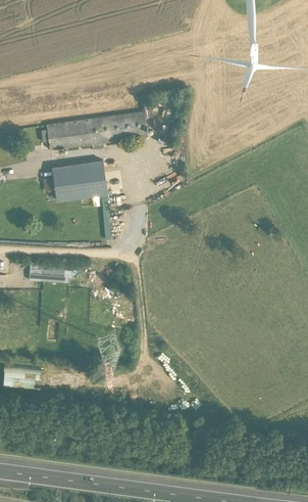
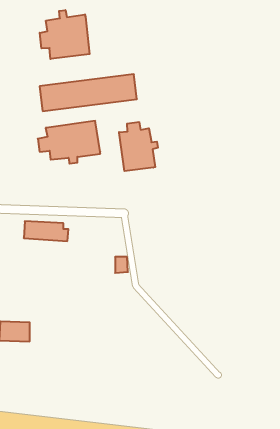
building: none -> [40,10,90,59]
building: none -> [119,122,158,171]

